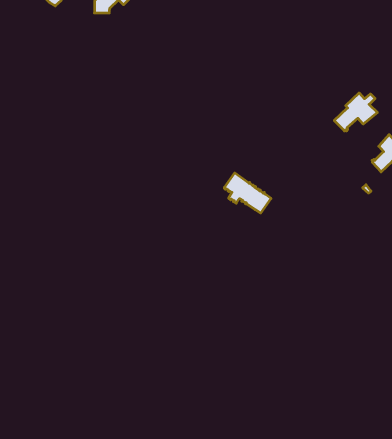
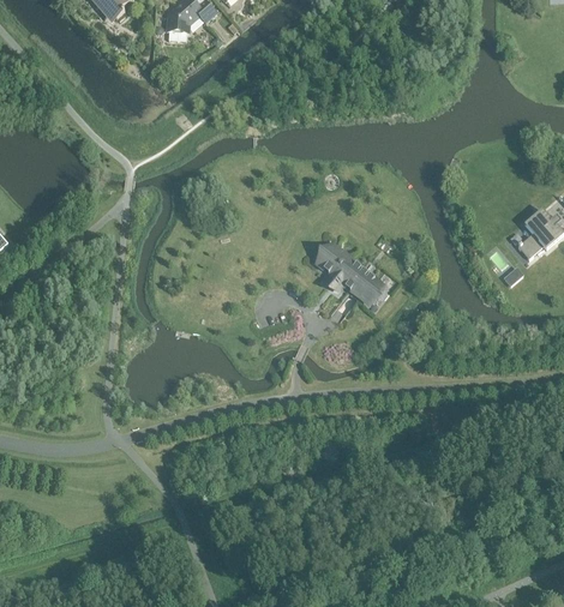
building: [334,93,377,131] -> none

